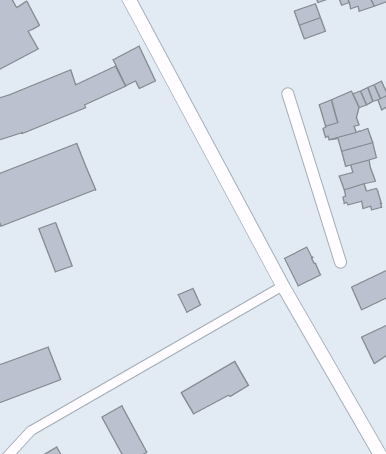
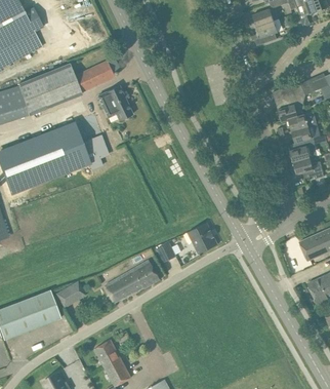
building: [113,46,155,88] -> [97,85,132,120]
building: none -> [81,135,109,162]
building: [39,223,72,272] -> none
building: [284,247,321,286] -> [188,223,217,255]
building: none -> [55,281,86,308]
building: [181,361,249,414] -> [105,260,160,303]

